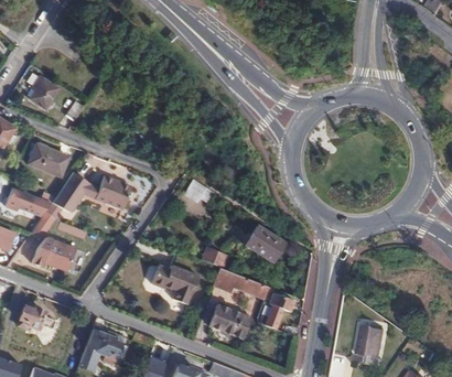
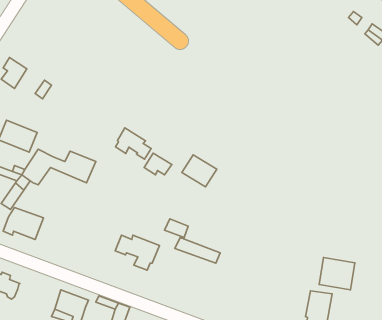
building: none -> [116,128,151,159]
building: [245,226,282,260] -> [182,155,217,187]
building: none -> [319,257,355,290]
building: [263,293,295,328] -> none
building: [220,310,248,338] -> none

